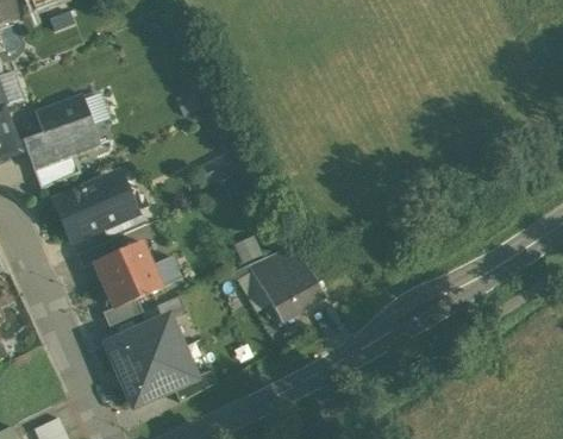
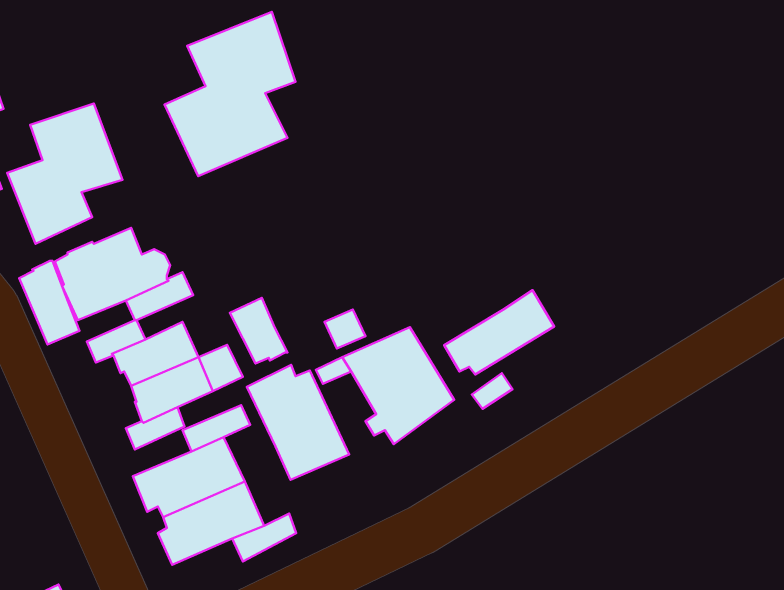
building: none -> [164,12,295,176]
building: none -> [19,261,80,344]
building: none -> [444,290,554,375]
building: none -> [230,298,287,363]
building: none -> [247,365,349,480]

